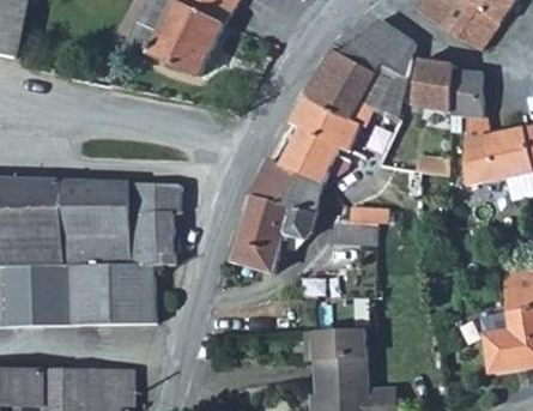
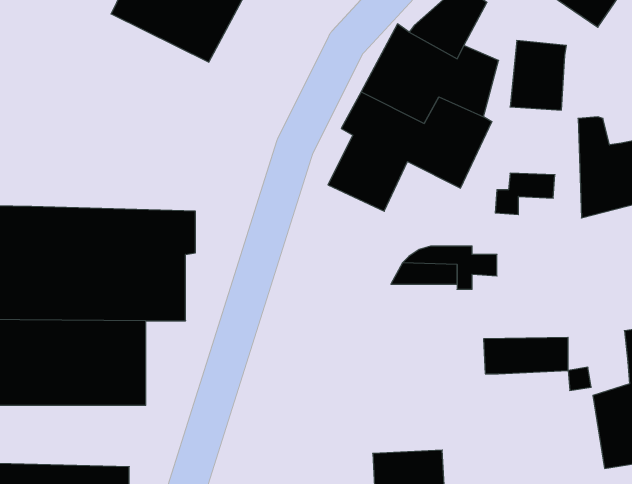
building: [449,69,480,115] -> none
building: [237,158,322,278] -> none
building: [303,331,364,357] -> [484,337,568,374]

